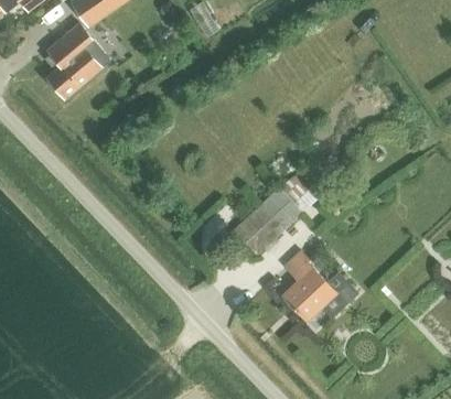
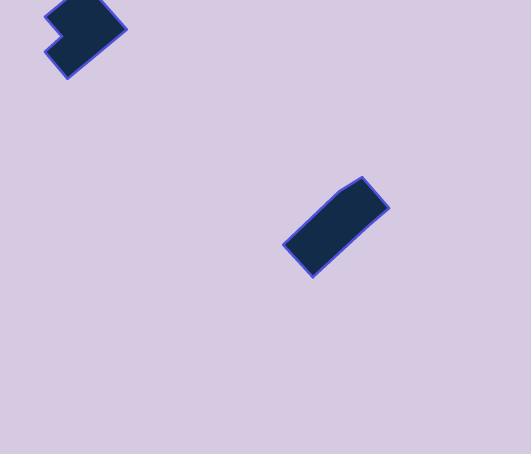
building: [283,251,336,321] -> none

